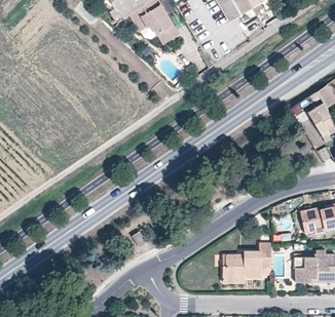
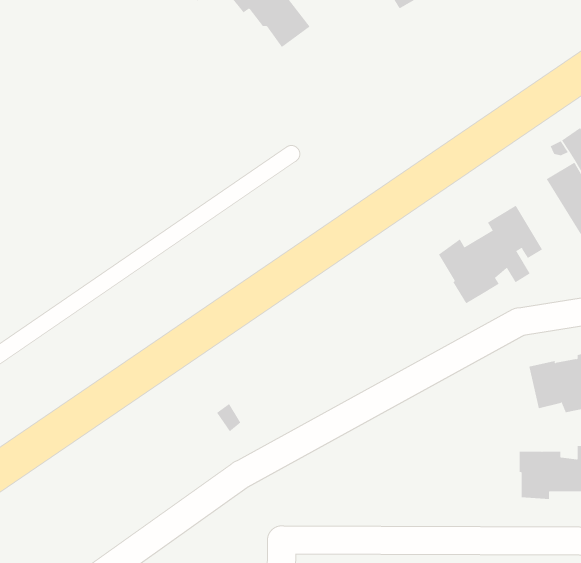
building: none -> [438,205,543,304]
building: [222,243,270,279] -> none

